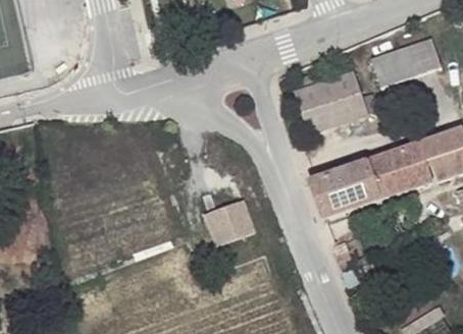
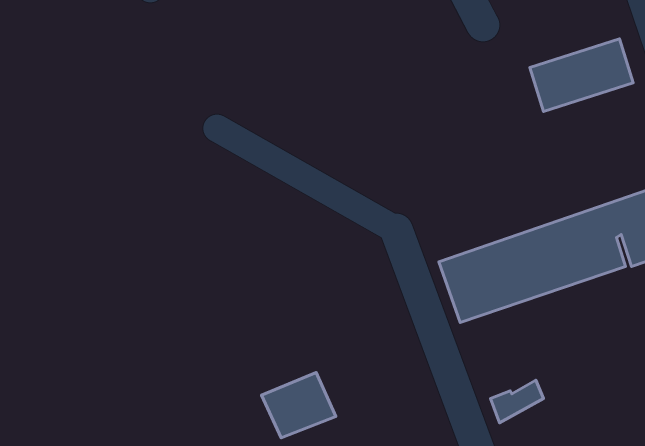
building: [295,73,368,131] -> none
building: [203,198,253,241] -> [261,373,336,438]

